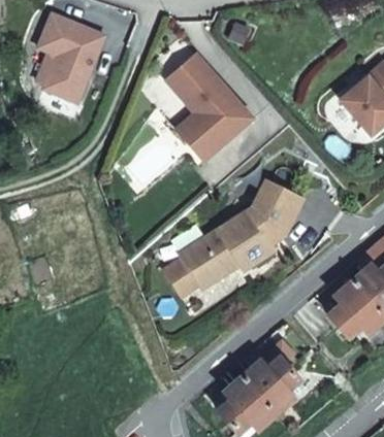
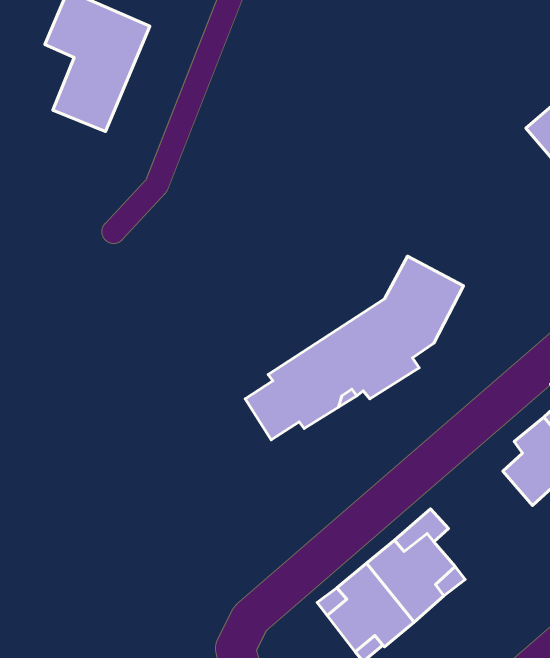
building: [166,53,252,160] -> none

